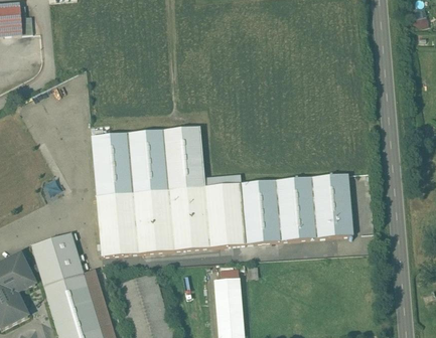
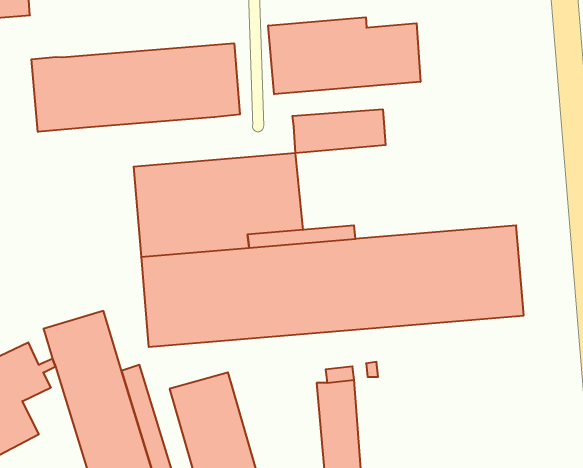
building: none -> [268,17,420,94]
building: none -> [32,43,240,132]
building: none -> [292,109,386,153]

